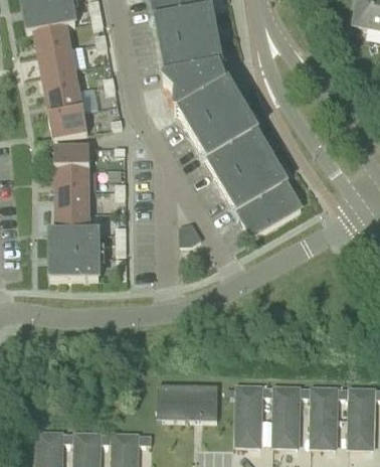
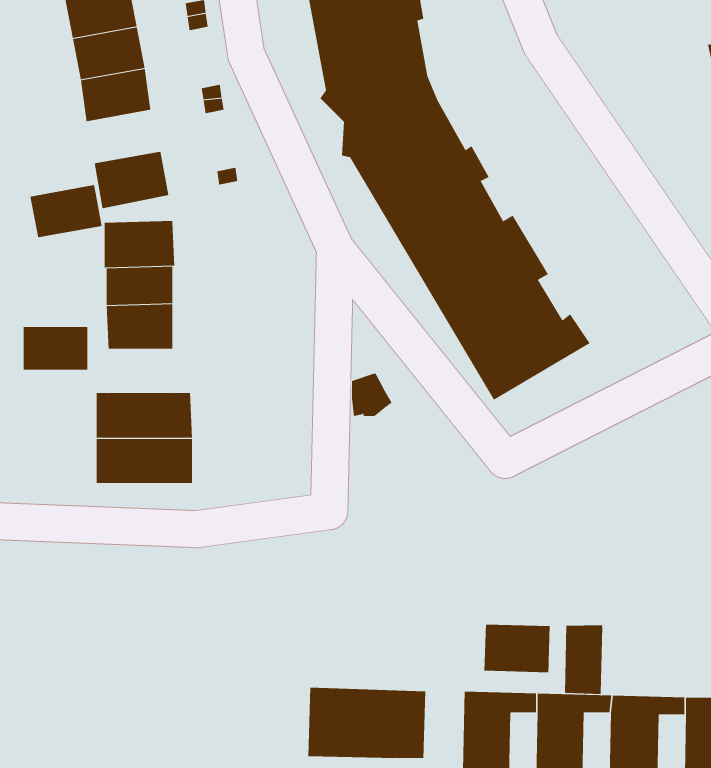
building: [46,90,83,117] -> [29,185,103,238]
building: [57,211,90,233] -> [23,327,88,370]
building: none -> [484,624,550,673]
building: none -> [564,625,603,695]

